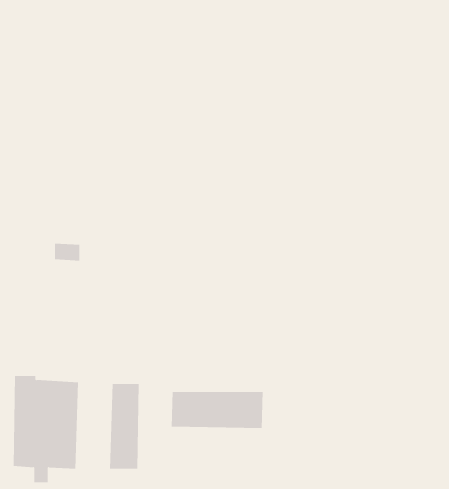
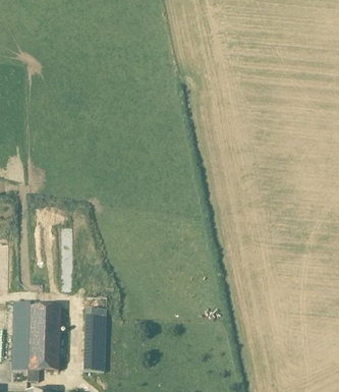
building: [171,391,263,429] -> none

